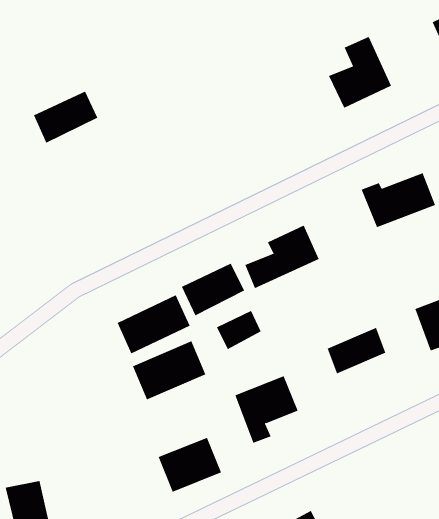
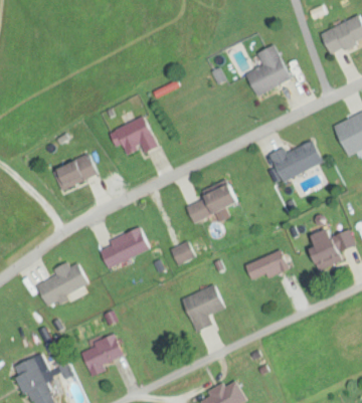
building: [33,91,98,143] -> [50,155,97,192]
building: none -> [111,117,158,157]
building: [181,263,245,316] -> none
building: [132,340,206,400] -> [35,262,87,305]
building: [158,437,222,492] -> [78,335,124,374]

